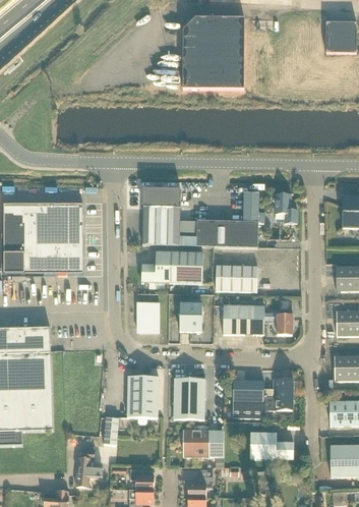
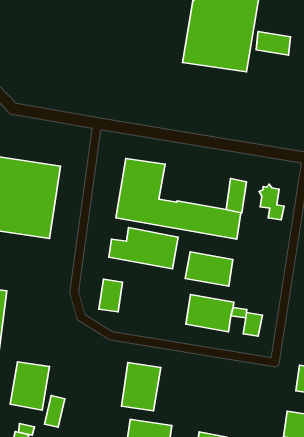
building: none -> [256,32,290,55]
building: [179,302,201,332] -> none
building: [126,376,158,417] -> [10,362,50,410]
building: [232,379,292,416] -> none

